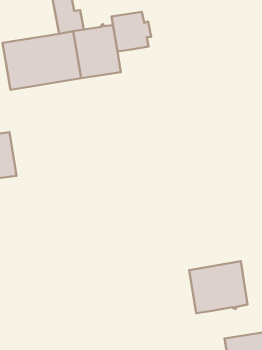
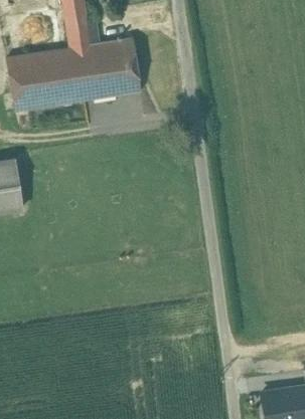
building: [112,12,151,51] -> none
building: [189,261,248,313] -> none

